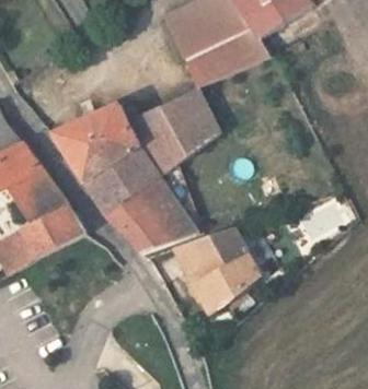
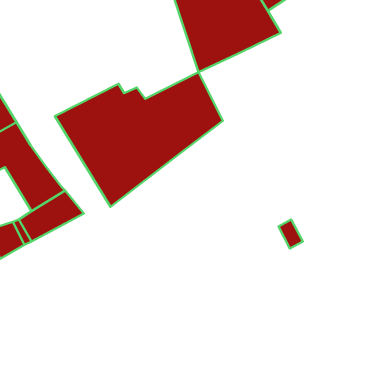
building: [111,167,196,250] -> none
building: [177,229,261,311] -> none

